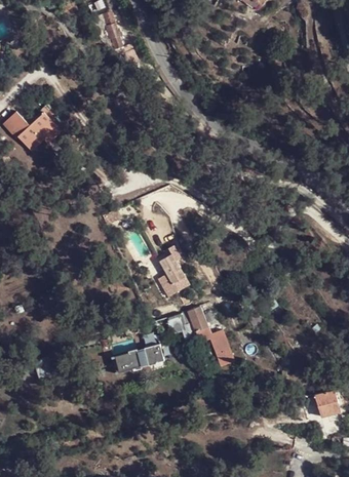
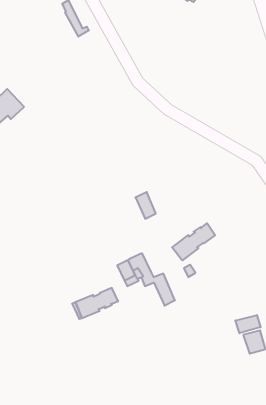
building: [158,252,182,283] -> [135,192,156,219]
building: none -> [172,223,215,260]
building: none -> [235,315,261,333]

